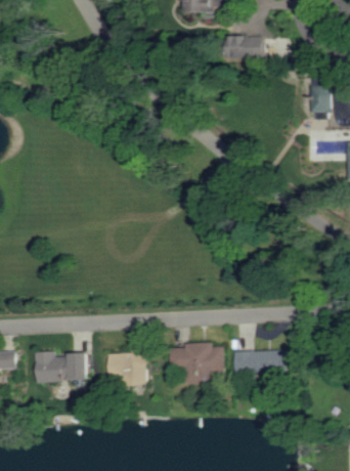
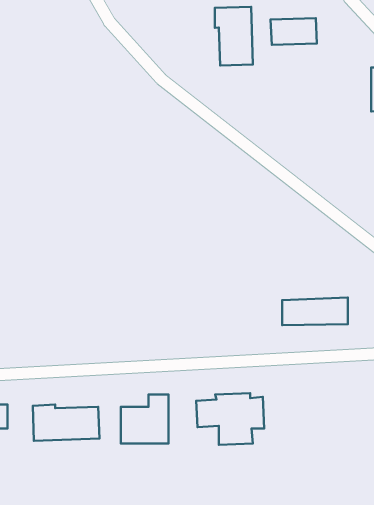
building: none -> [215,7,253,65]
building: [233,350,287,373] -> [282,298,348,325]

